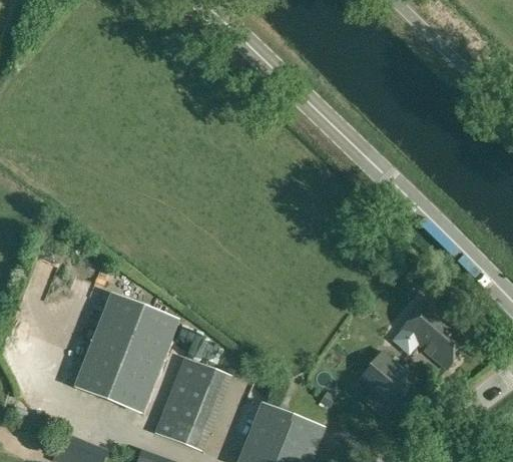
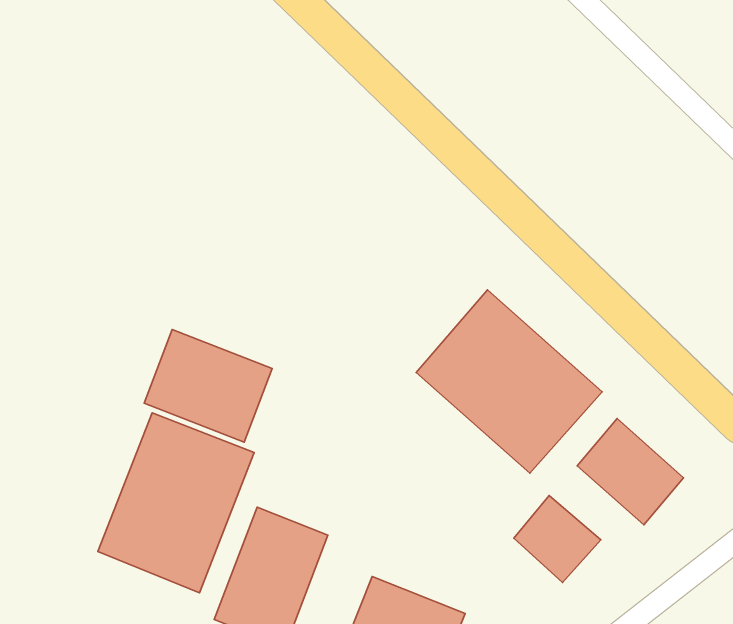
building: none -> [416,290,602,473]
building: none -> [144,329,272,442]

